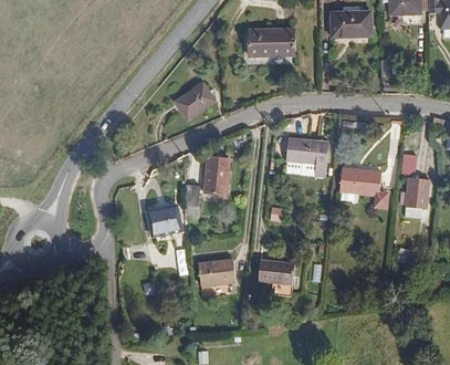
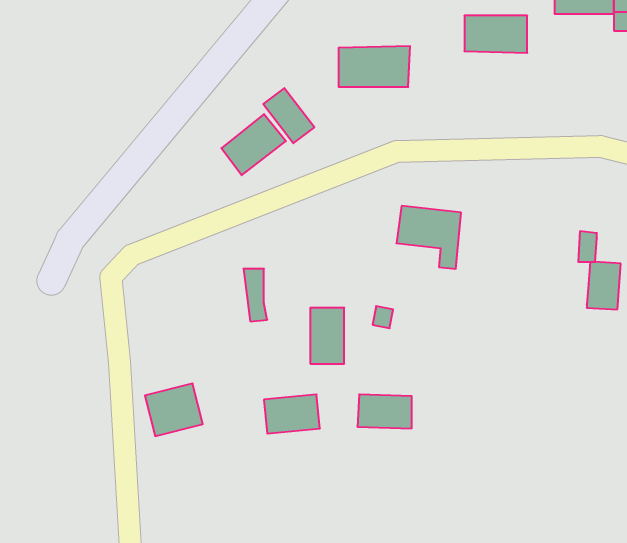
building: none -> [263,88,314,143]
building: [207,159,229,196] -> [310,308,344,364]
building: [343,167,393,206] -> none
building: [144,205,181,239] -> [145,383,203,436]

